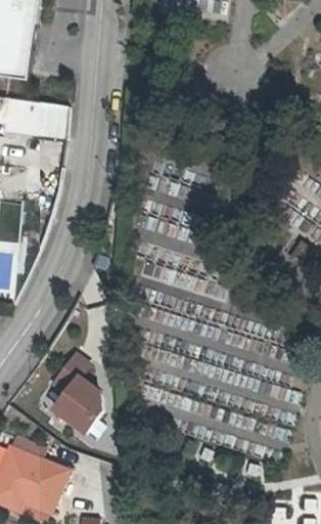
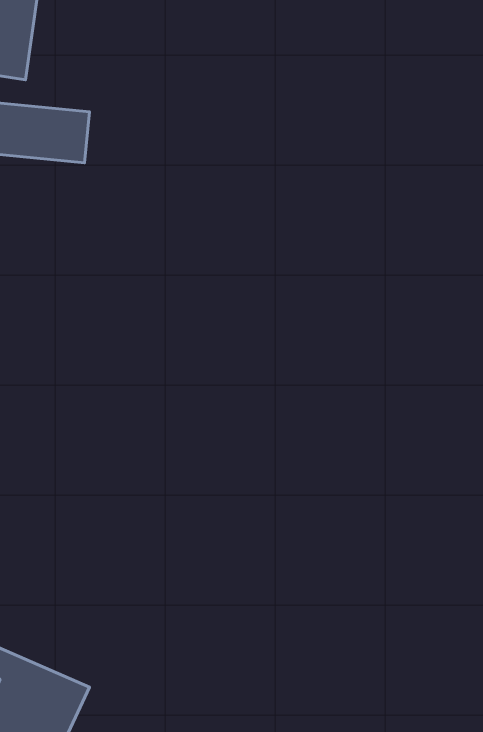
building: [53,351,103,432] -> none

